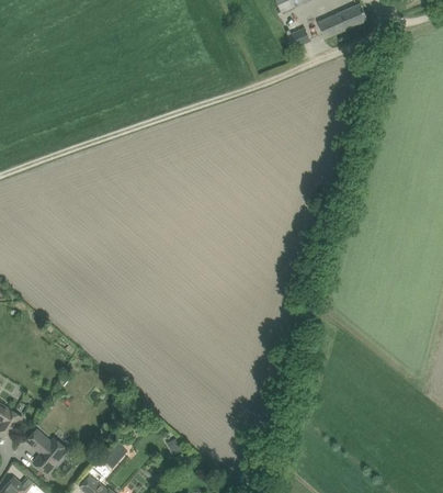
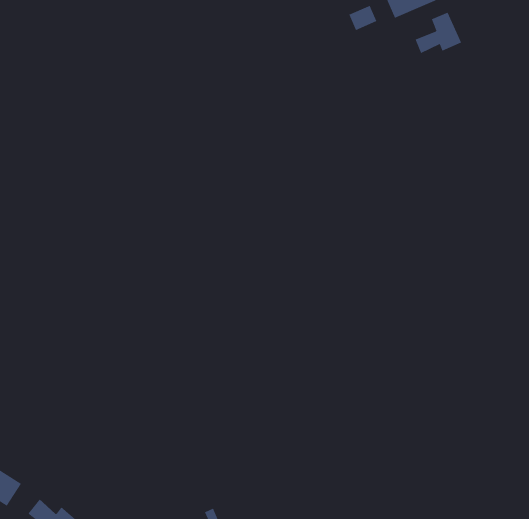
building: none -> [415,12,462,54]

